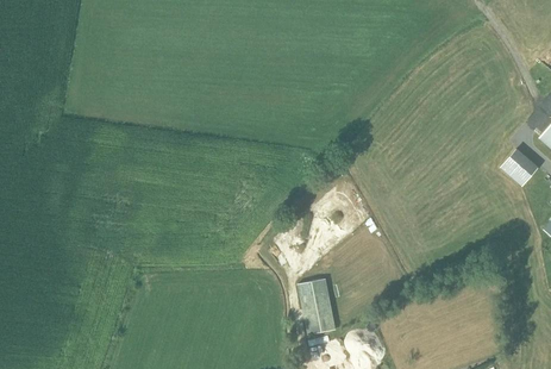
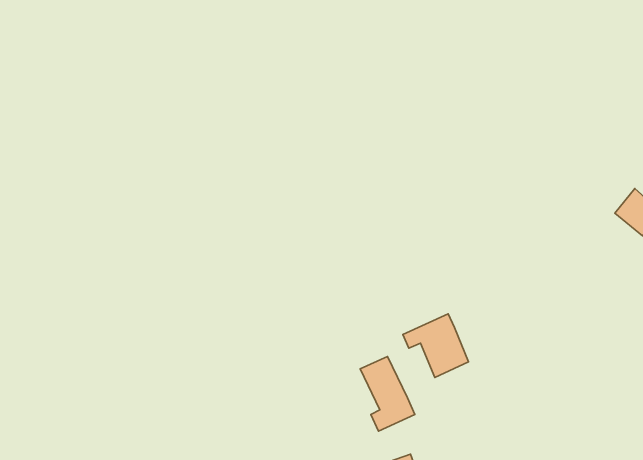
building: none -> [403,314,469,377]

